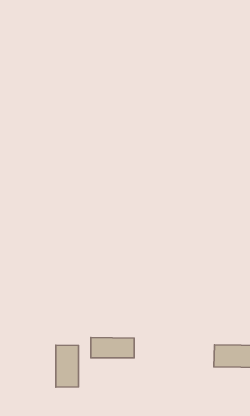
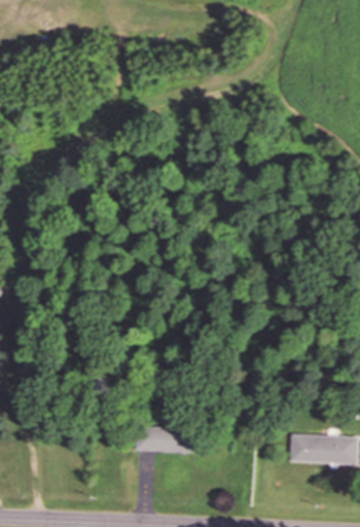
building: [56,345,79,387] -> none

